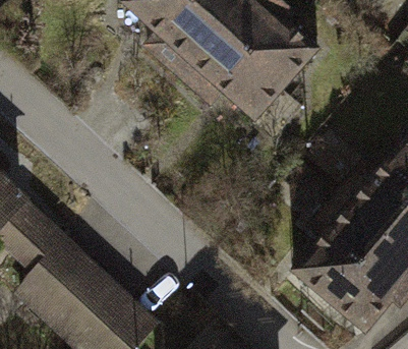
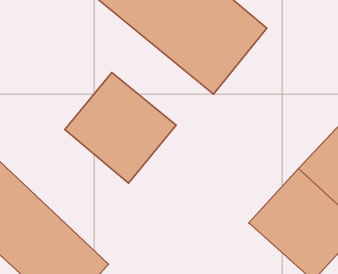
building: none -> [65,73,176,183]

